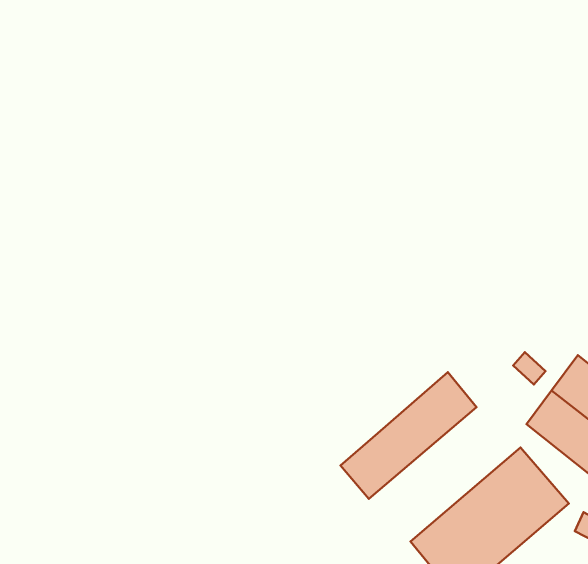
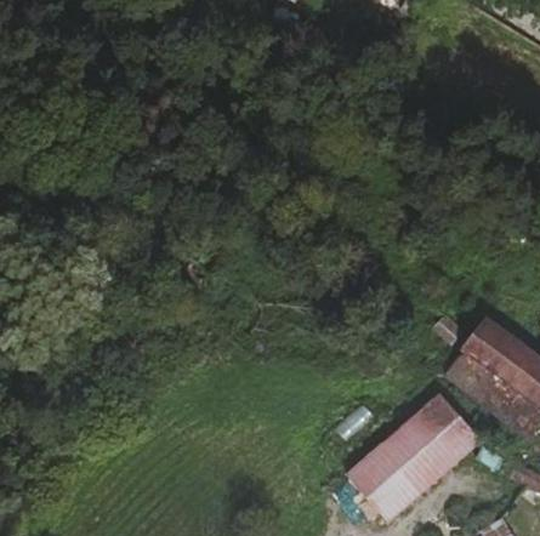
building: [340,372,476,499] -> none

